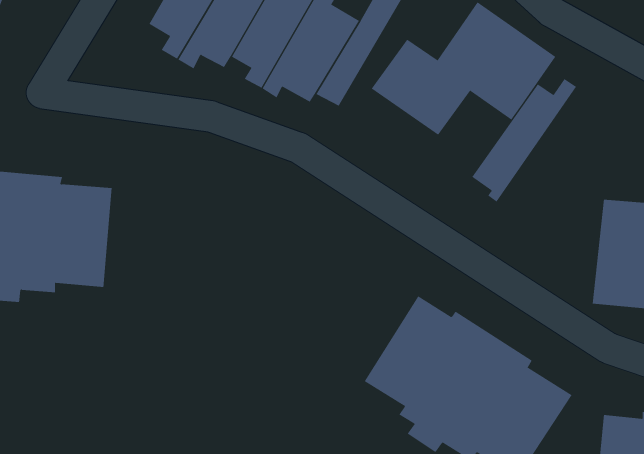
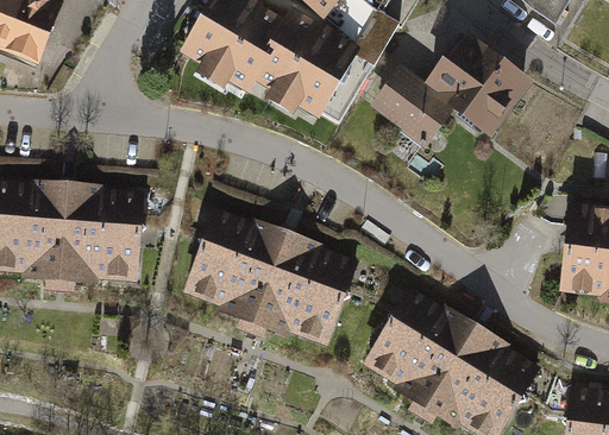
building: [472,78,577,203] -> none
building: none -> [183,204,360,339]

